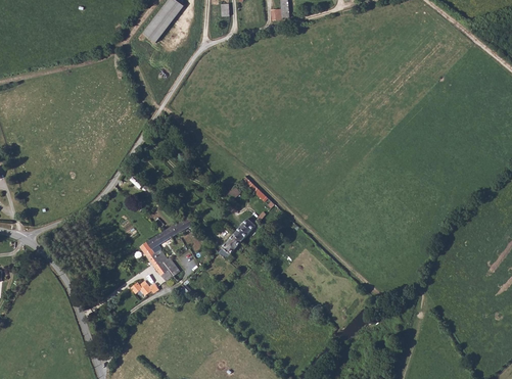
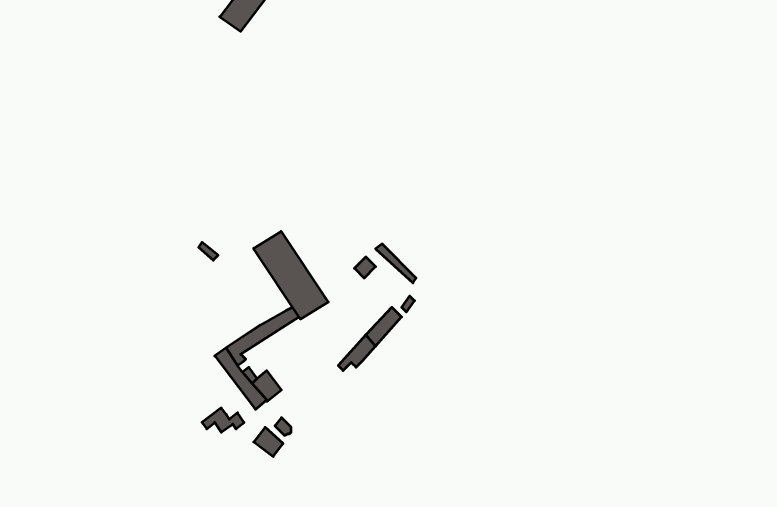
building: none -> [254,231,328,319]

